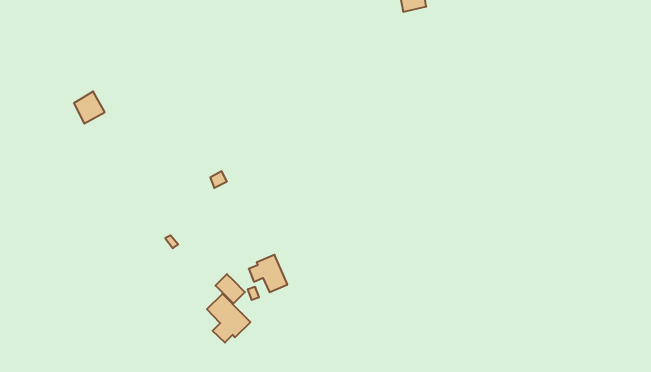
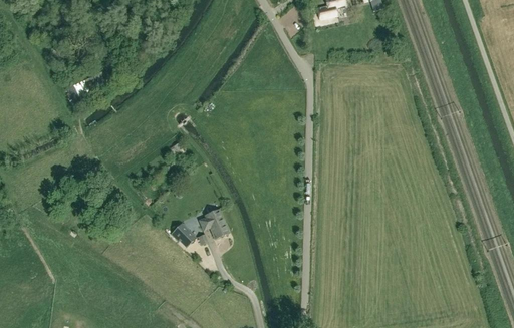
building: [207,294,250,343] -> none

